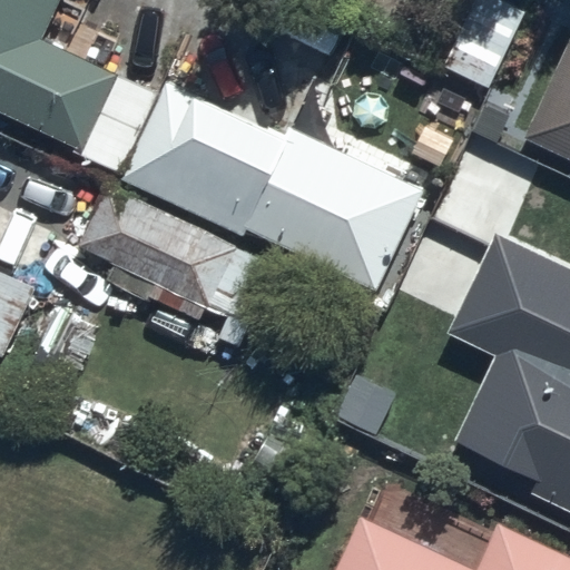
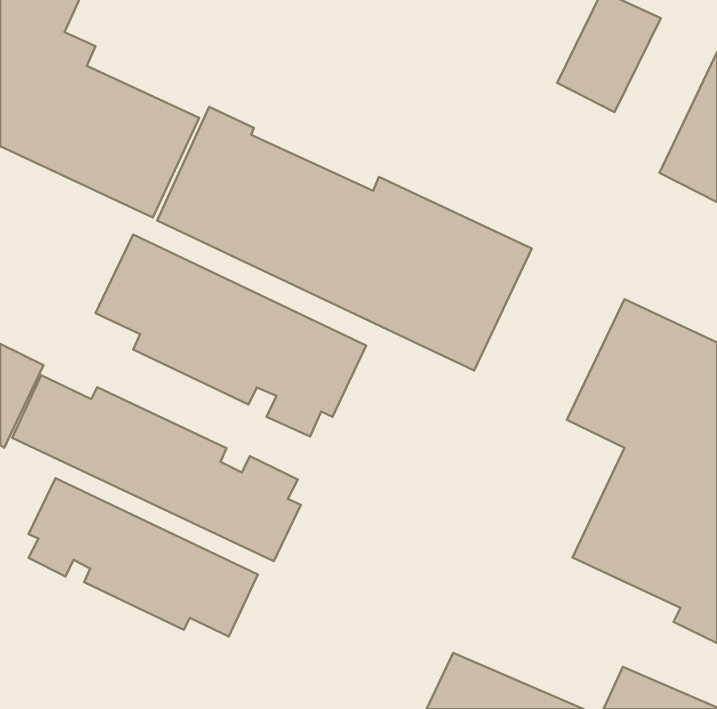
building: none -> [12,375,301,561]
building: none -> [28,478,258,637]

